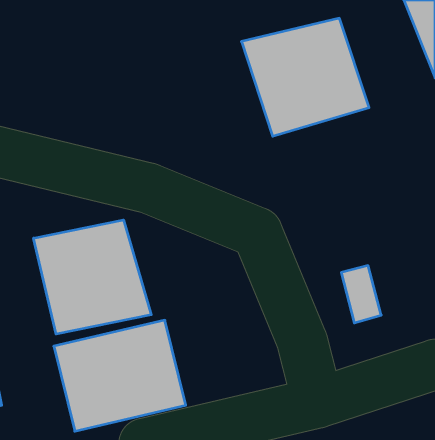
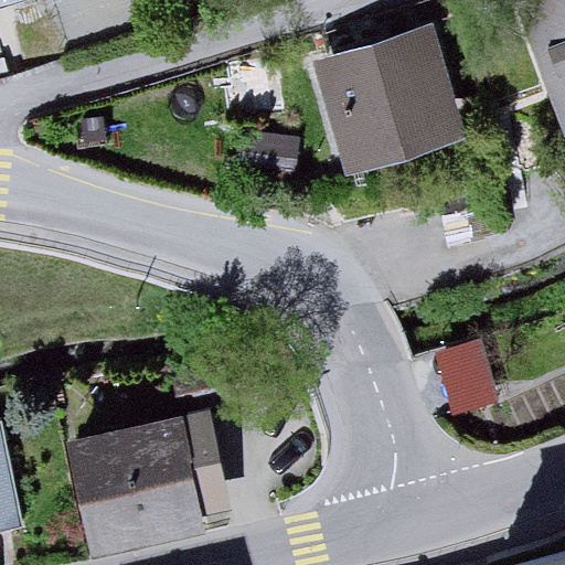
building: [34,220,151,334] -> none

